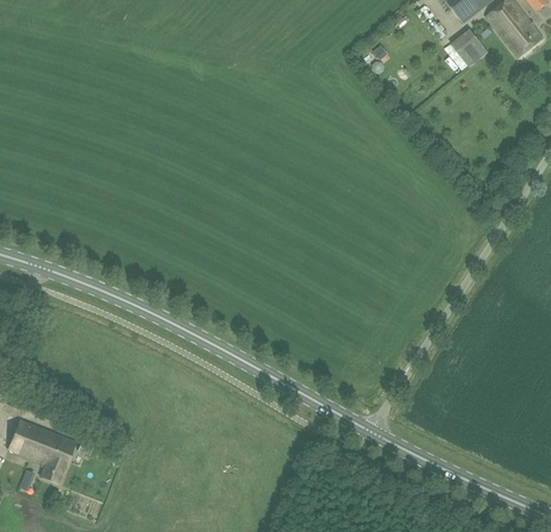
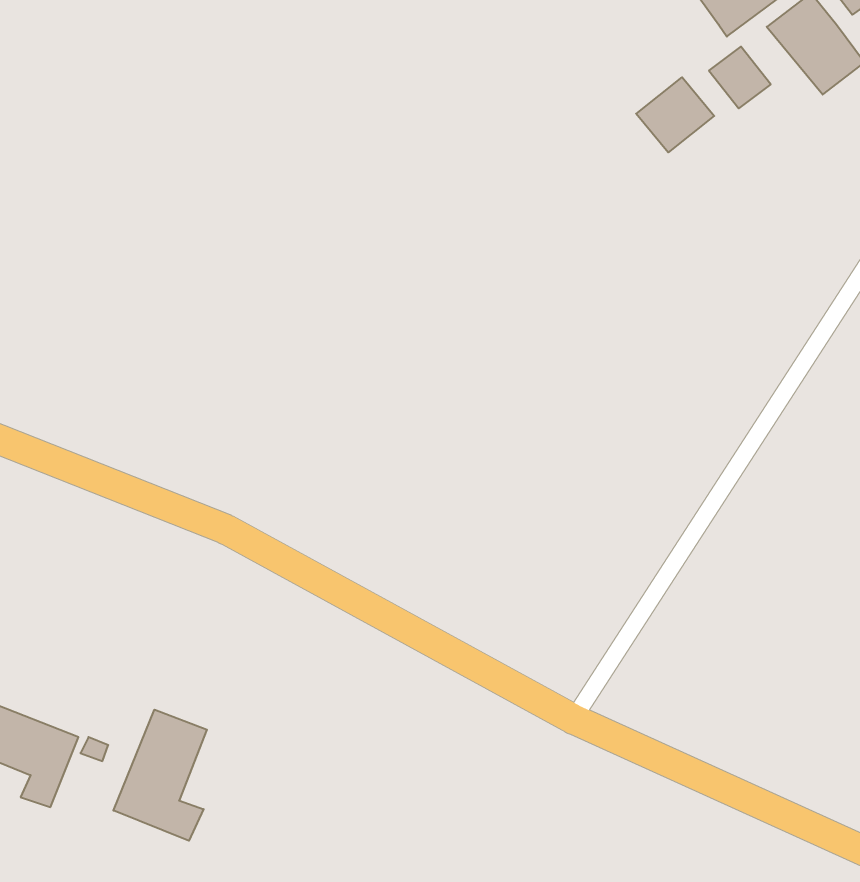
building: none -> [636,77,714,152]
building: none -> [113,710,207,841]

